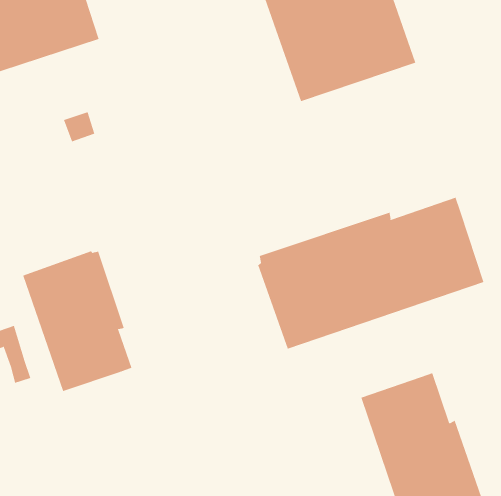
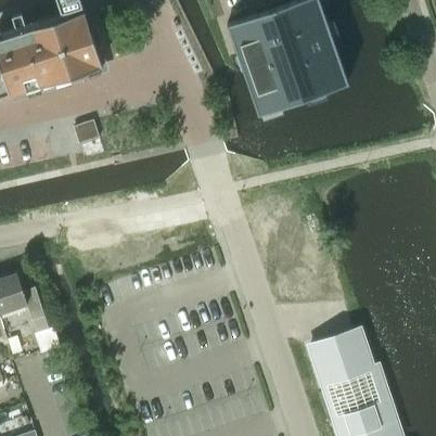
building: [258,197,484,349] -> none
building: [22,251,132,392] -> none

